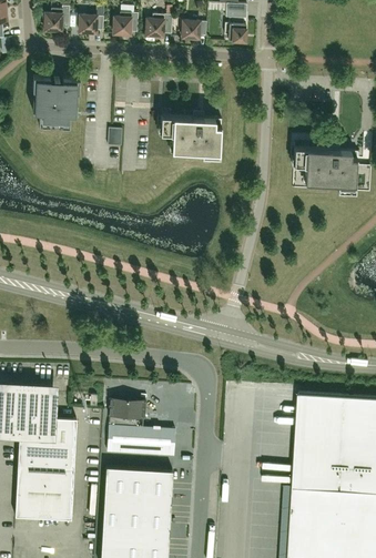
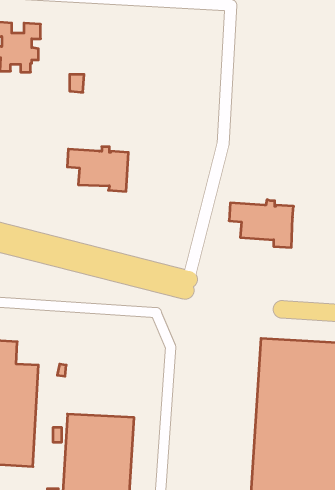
building: [160,114,221,159] -> [67,147,128,191]
building: [293,145,357,193] -> [229,200,294,247]
building: [108,399,175,457] -> none

